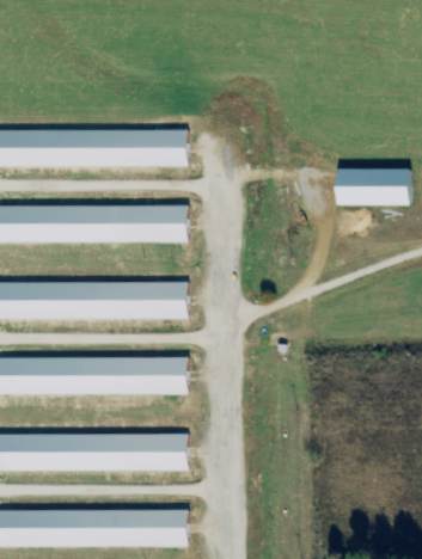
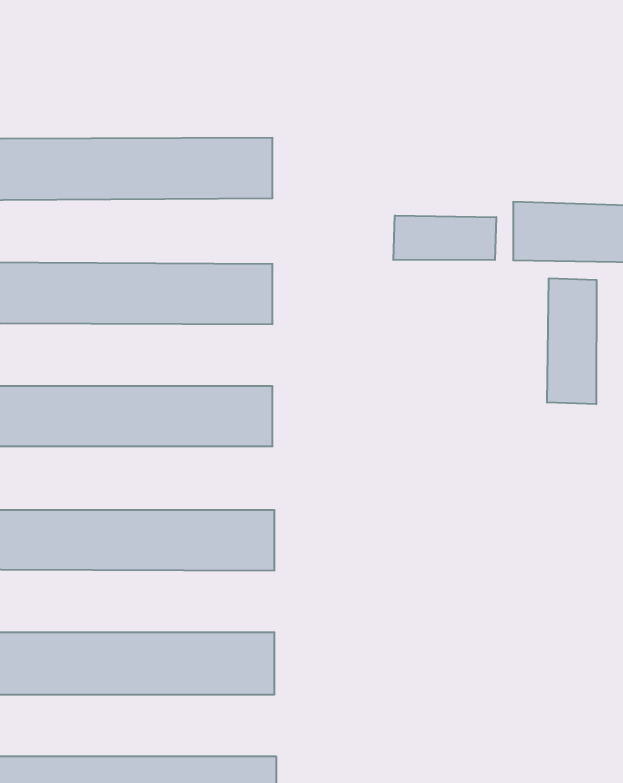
building: none -> [393,215,496,260]
building: none -> [547,278,597,404]

